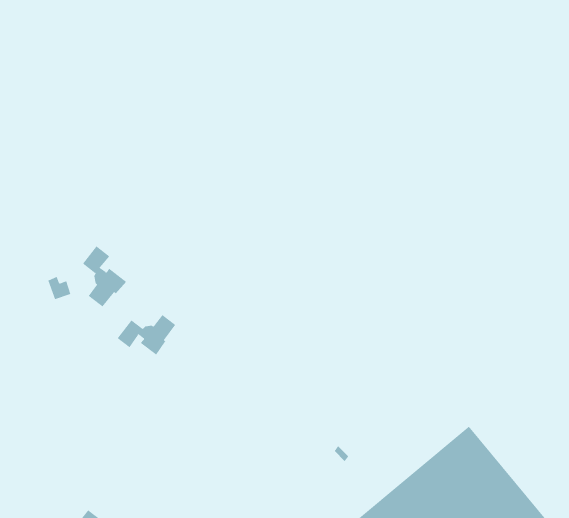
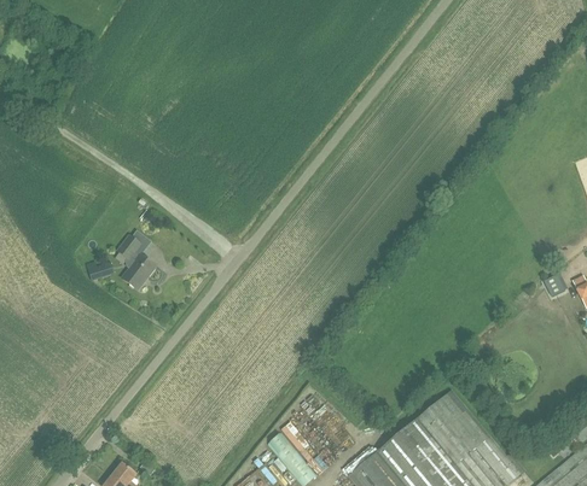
building: [117,314,179,356] -> none

